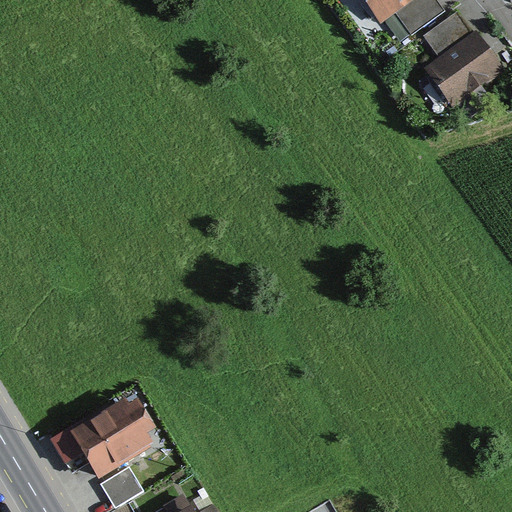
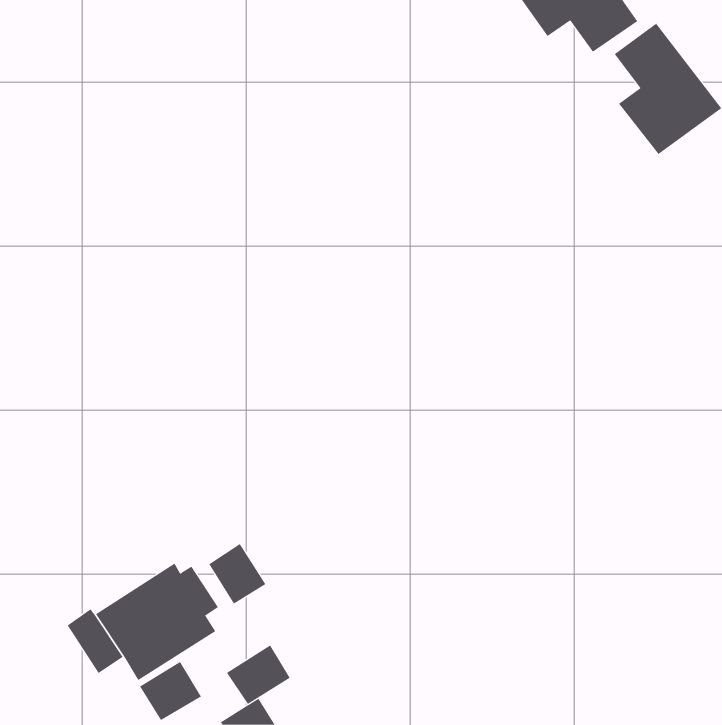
building: none -> [209,543,266,604]
building: none -> [226,644,290,705]

